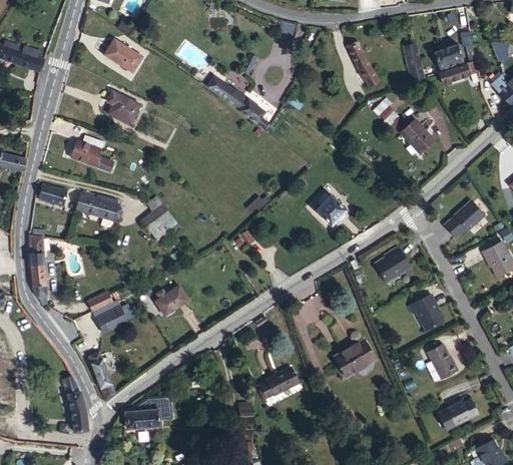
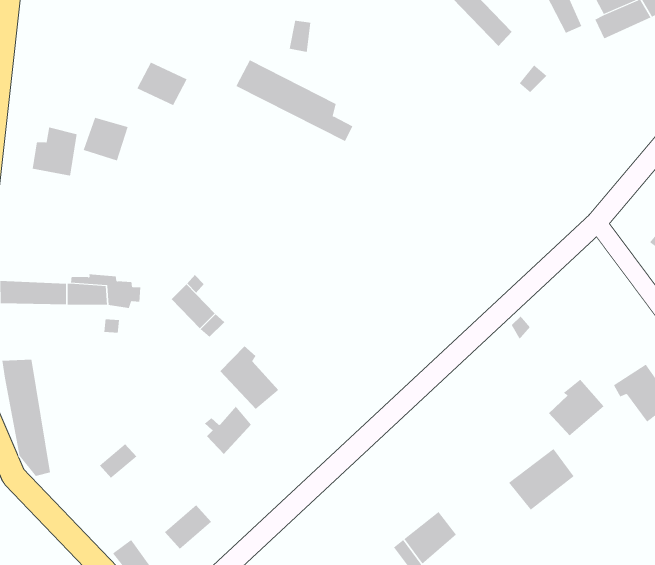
building: [109,41,141,70] -> [137,62,188,106]
building: [398,115,432,150] -> none
building: [72,131,103,163] -> [32,127,77,176]
building: [314,189,345,220] -> none
building: none -> [220,345,279,410]
building: [379,249,414,283] -> [548,379,604,436]
building: [96,309,126,335] -> [164,505,212,550]

